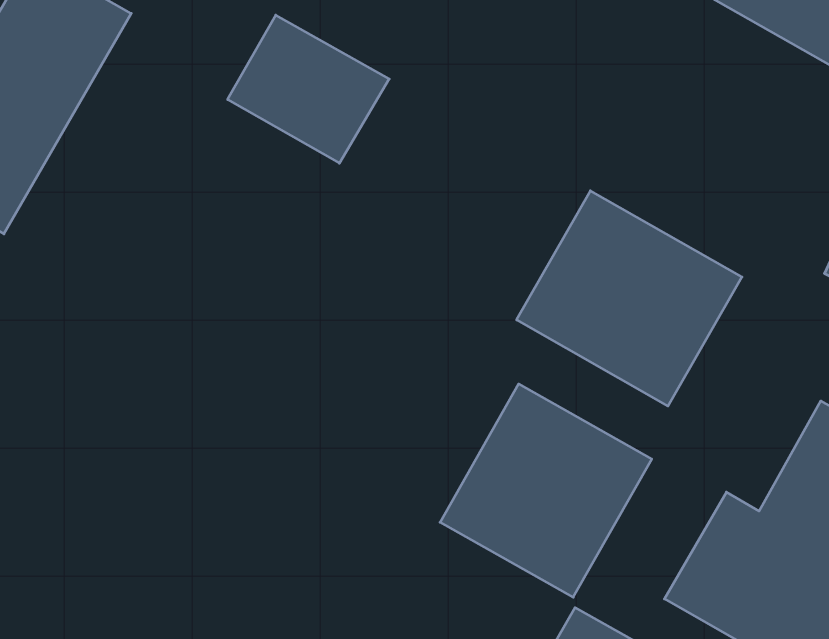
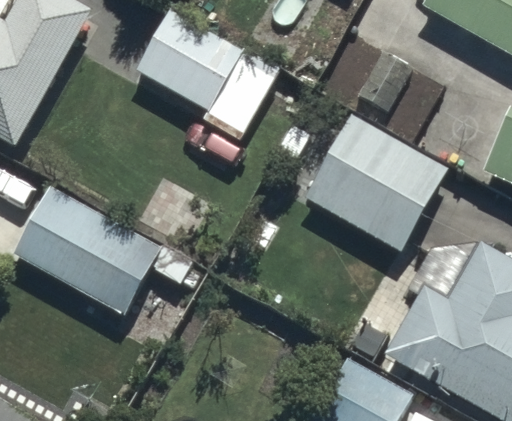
building: none -> [20,198,150,305]
building: [440,384,652,597] -> none

